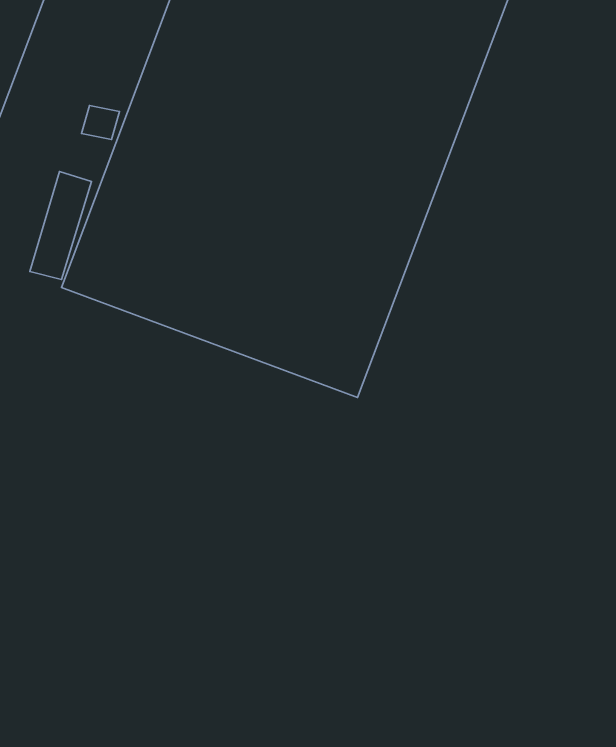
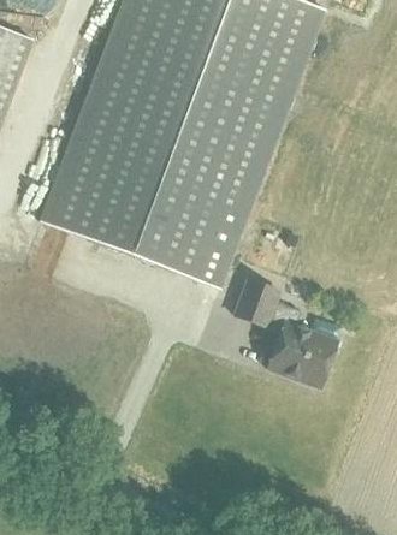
building: none -> [235,278,338,386]

